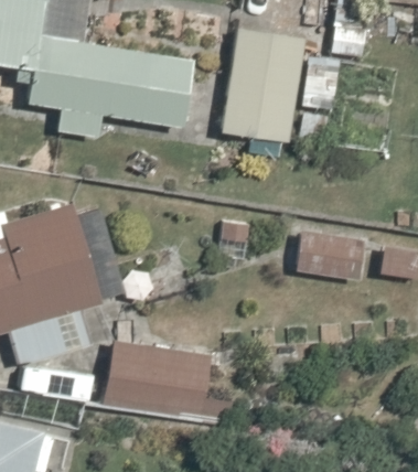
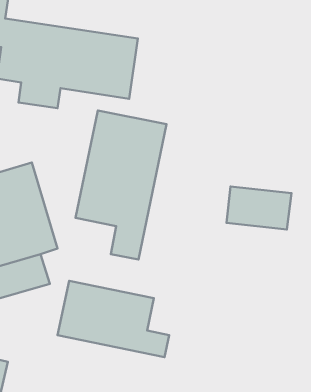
building: [221,28,307,141] -> none
building: none -> [75,111,166,259]

